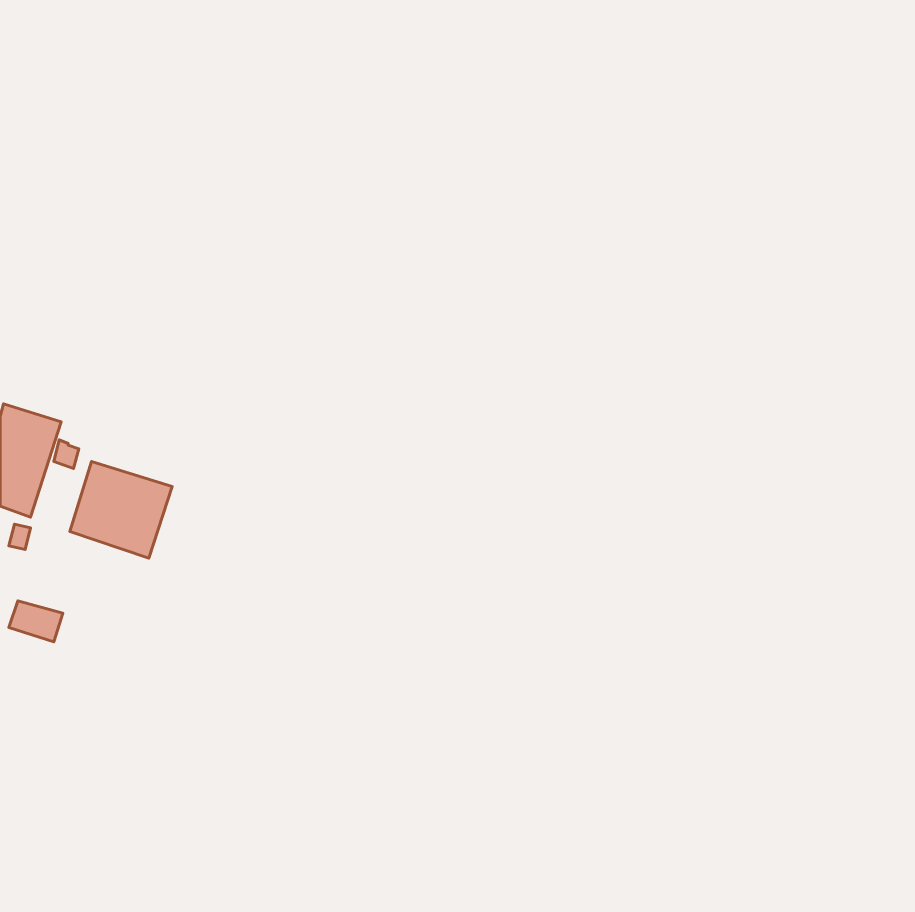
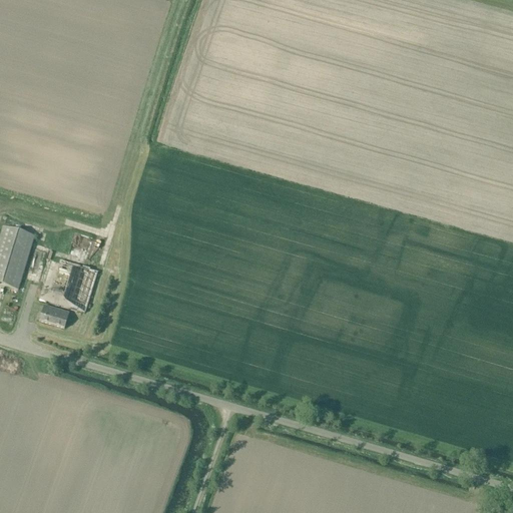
building: [9,601,63,642] -> [39,304,69,327]

